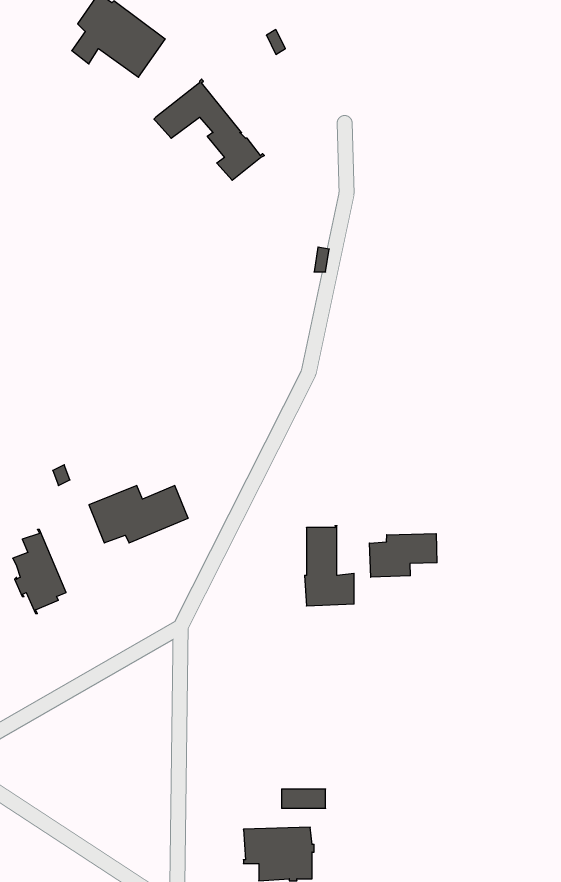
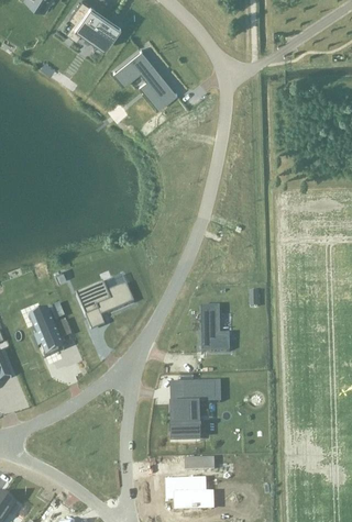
building: [369,534,437,577] -> none
building: none -> [185,382,219,398]
building: none -> [170,404,202,438]

